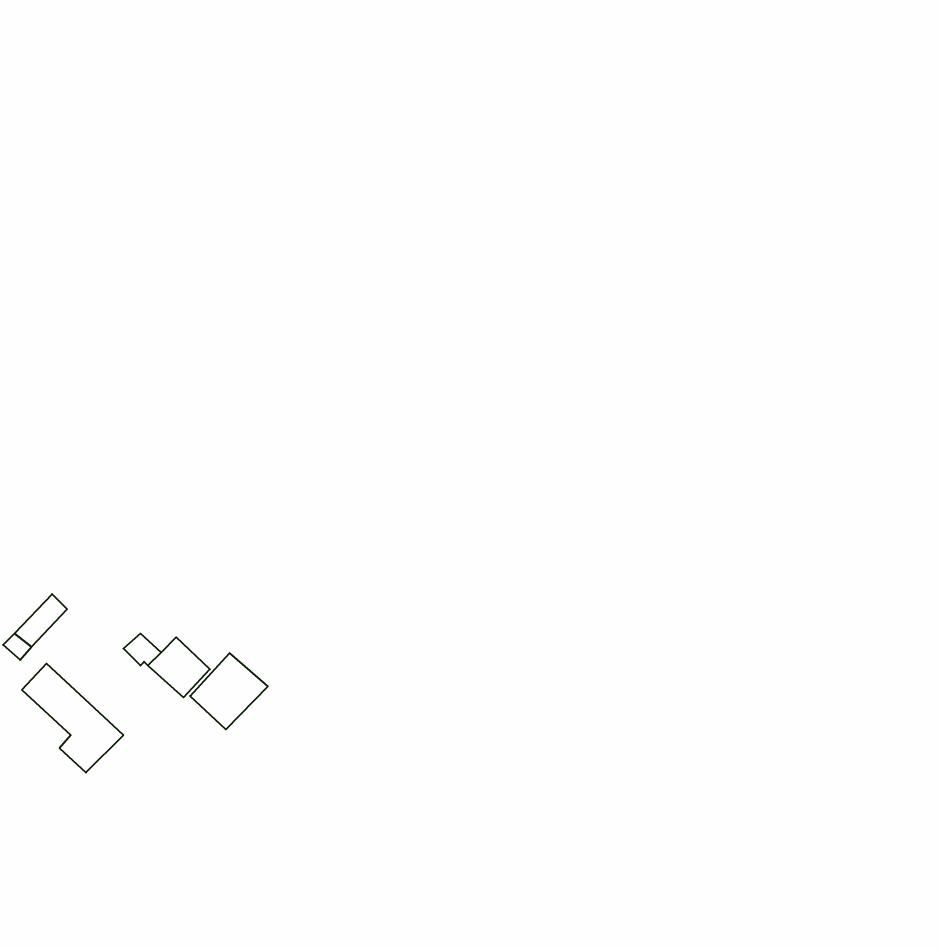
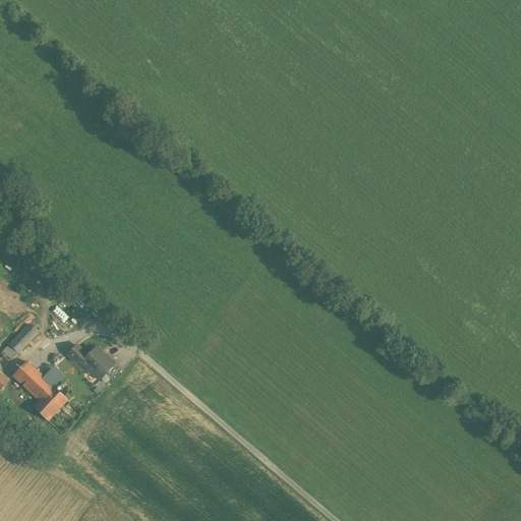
building: [190,653,268,729] -> none

